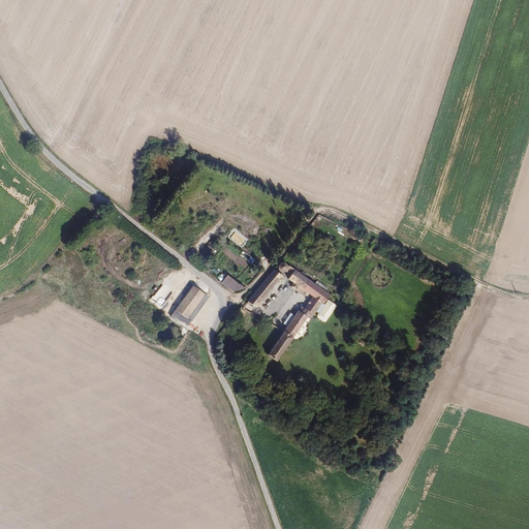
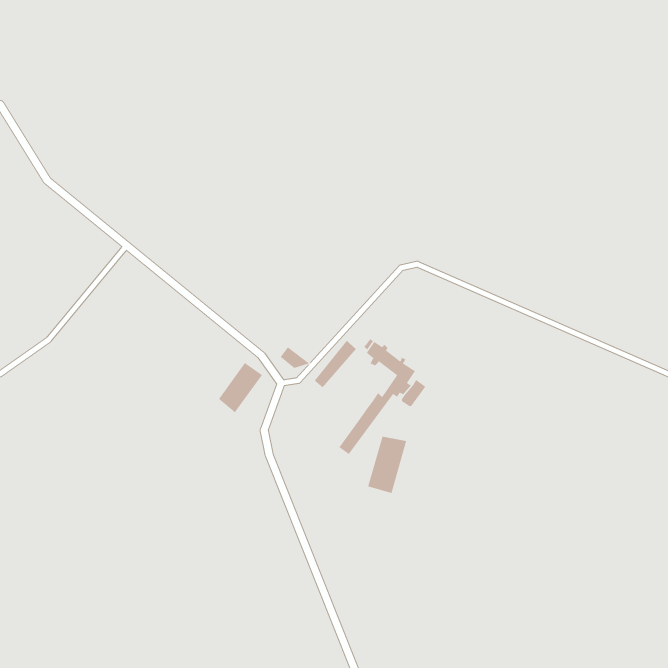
building: none -> [367,436,407,494]

